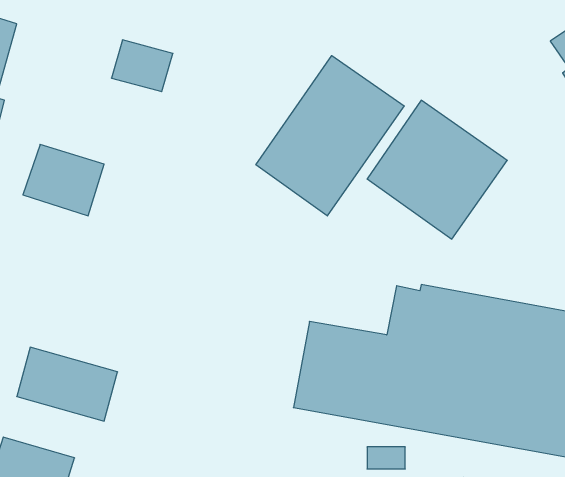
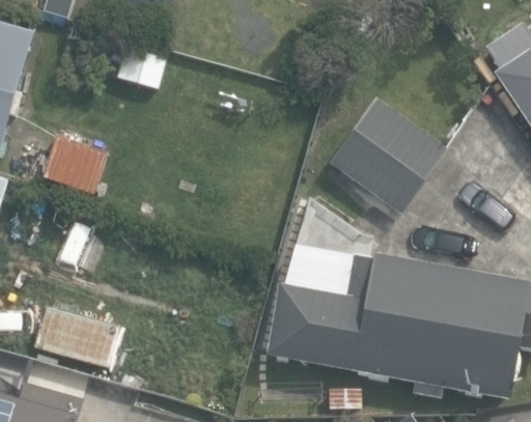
building: [256,56,404,216] -> none

